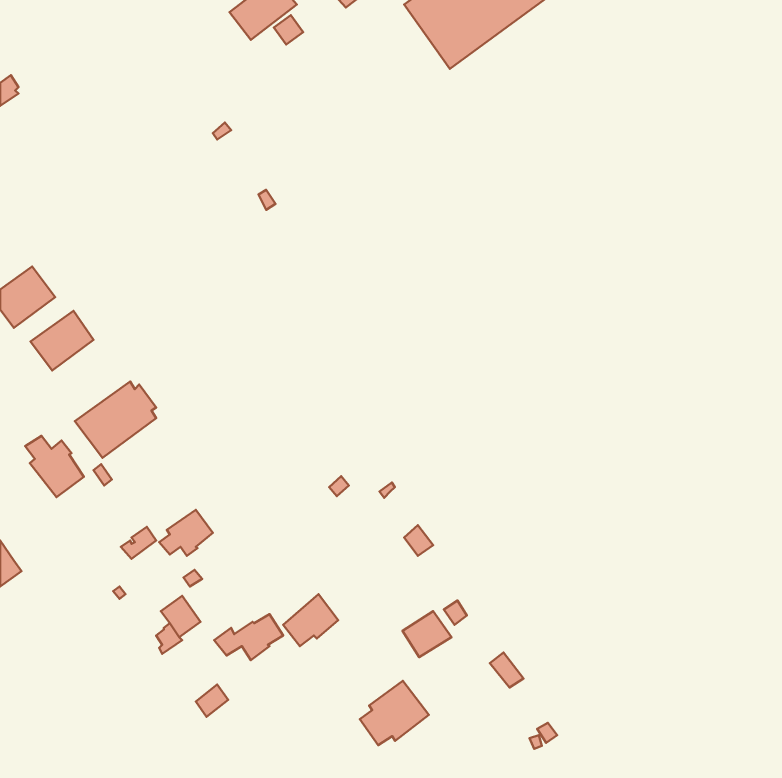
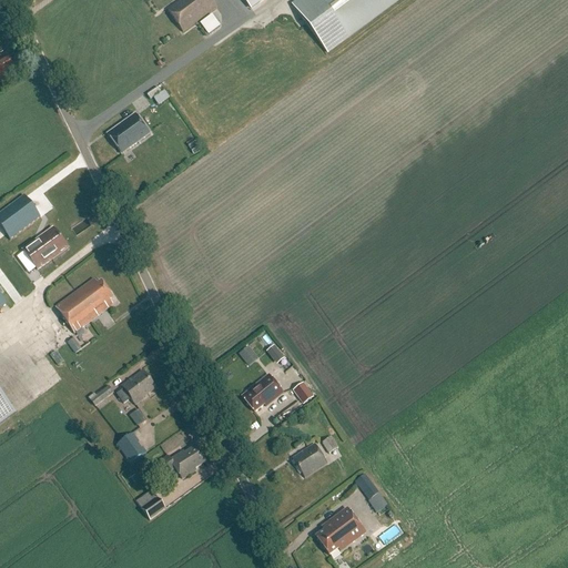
building: none -> [106,111,149,151]
building: [25,436,84,497] -> none
building: [283,594,338,646] -> [242,373,282,410]
building: [360,681,429,745] -> [315,507,365,554]

